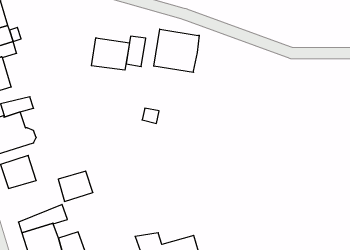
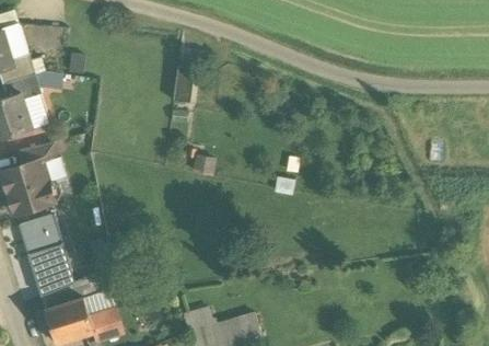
building: [154,29,199,72] -> none
building: [91,38,129,70] -> none
building: [58,171,93,201] -> [28,245,71,282]

